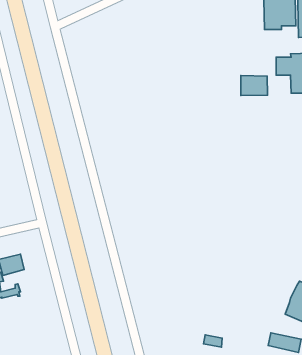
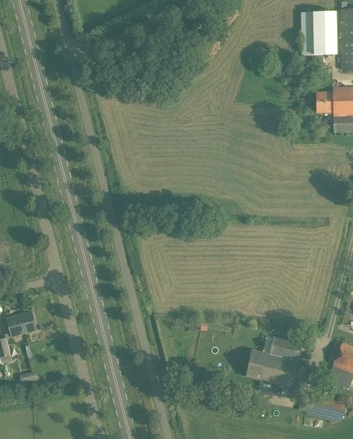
building: [241,75,268,96] -> none
building: none -> [245,336,300,385]

